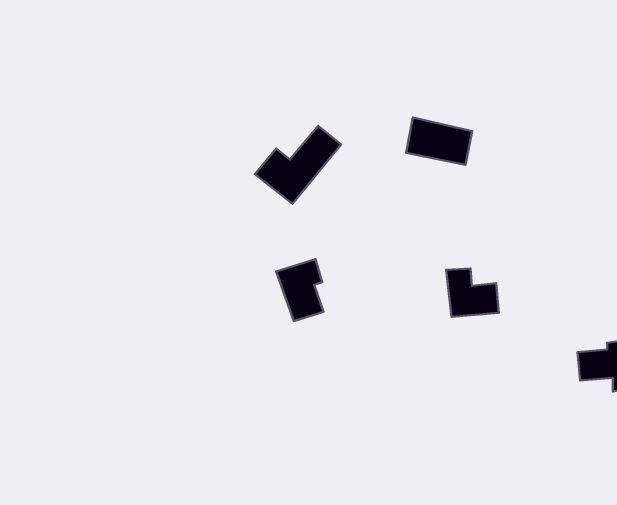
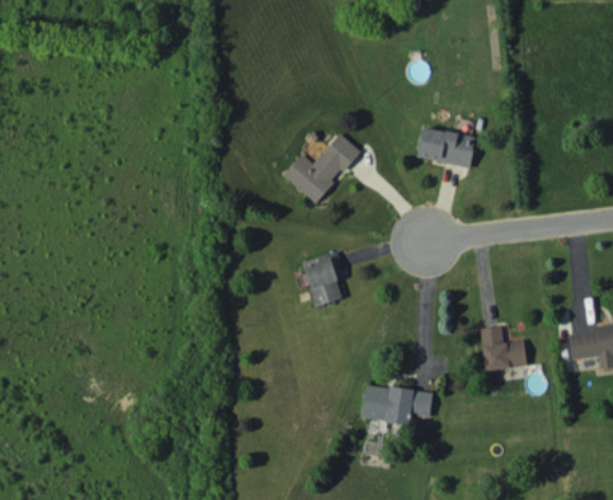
building: [446,268,499,317] -> [480,327,527,370]
building: none -> [362,384,432,423]

